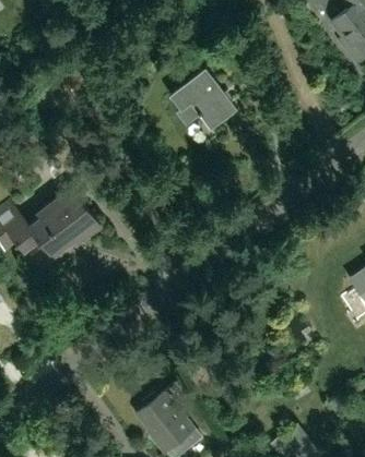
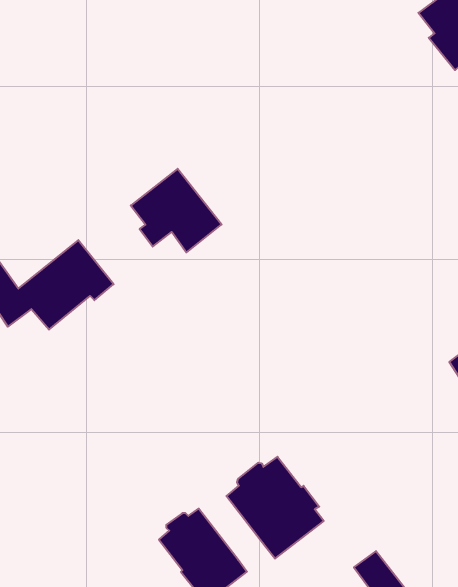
building: [168,68,236,130] -> [131,169,222,252]
building: none -> [226,457,324,559]

